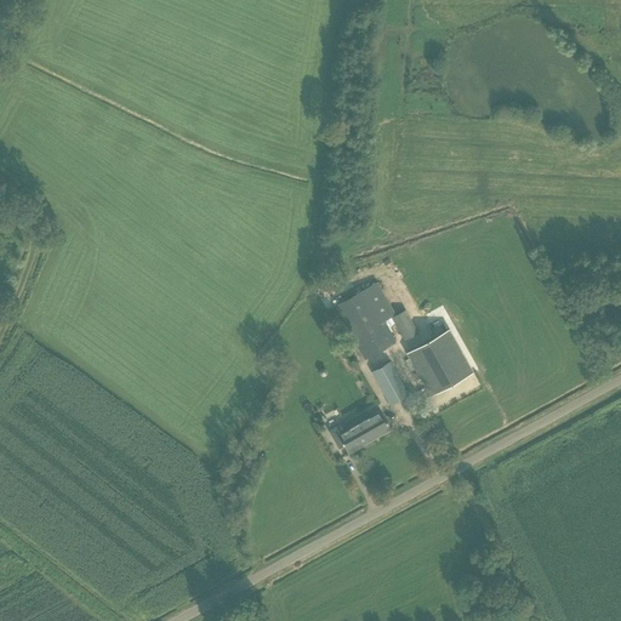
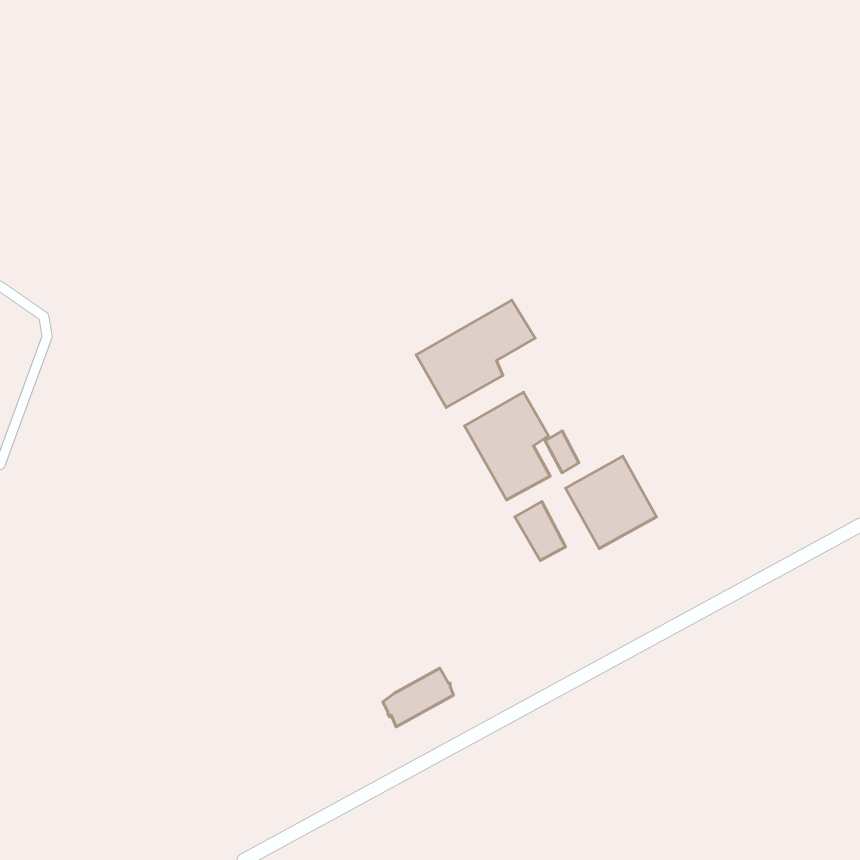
building: none -> [416,300,535,408]
building: [338,410,389,452] -> [383,668,453,727]

